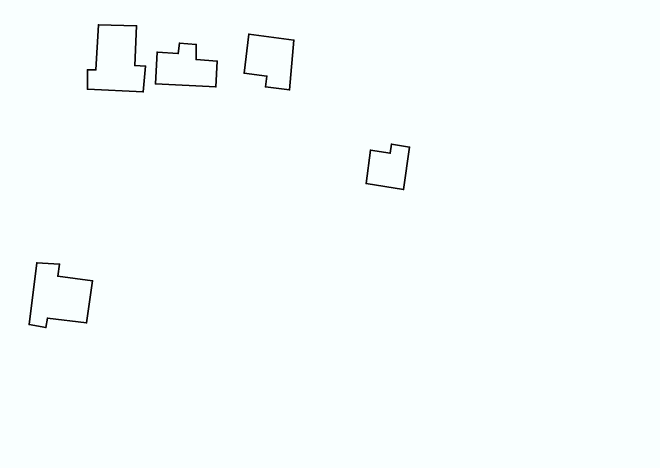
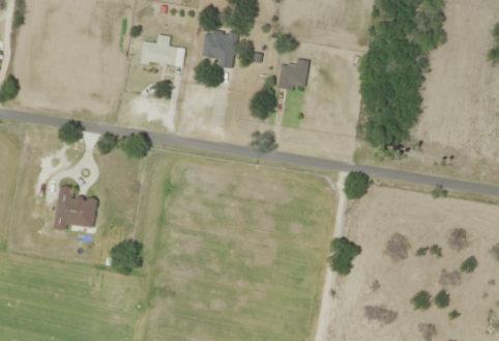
building: [88,25,146,92] -> none
building: [366,144,410,189] -> [278,59,309,90]

